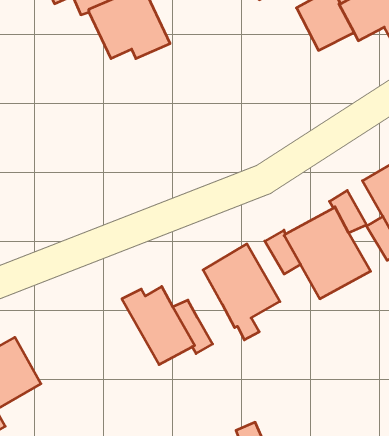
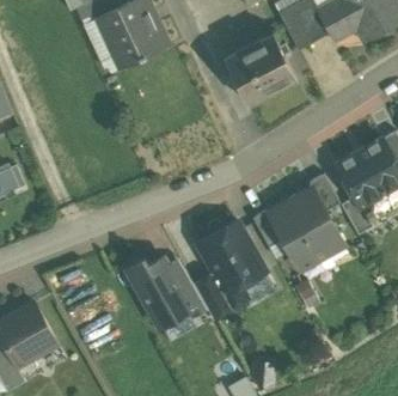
building: none -> [225,33,298,105]
building: none -> [194,273,234,317]

